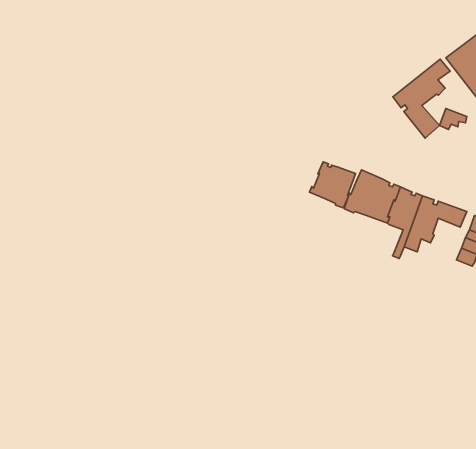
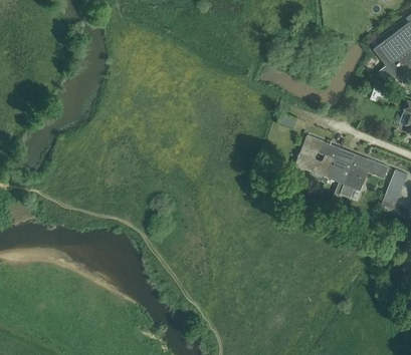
building: [393,59,450,138] -> none
building: [310,162,356,208] -> none

